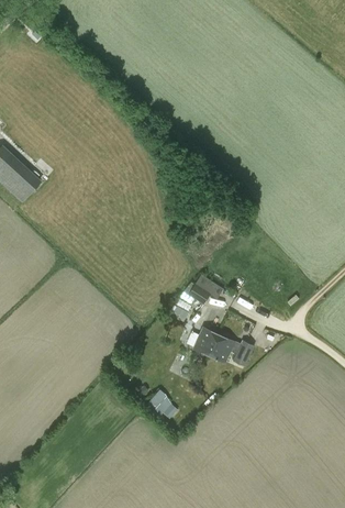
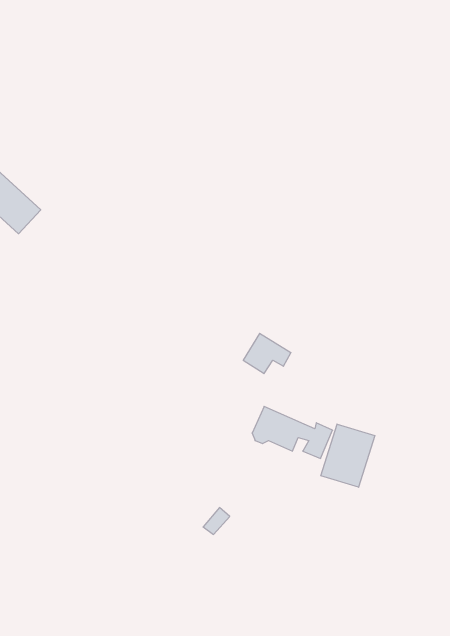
building: none -> [321,424,375,487]

